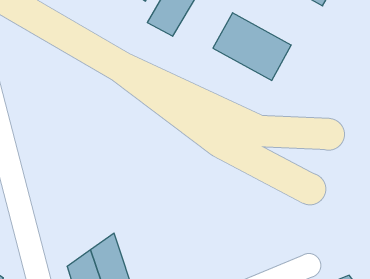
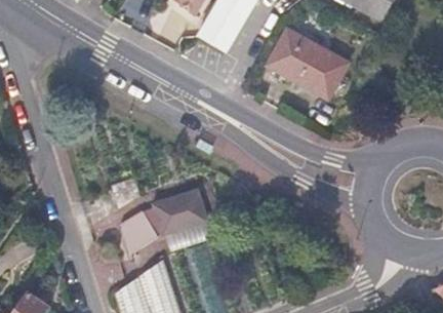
building: none -> [155,191,205,232]
building: none -> [120,210,159,255]

